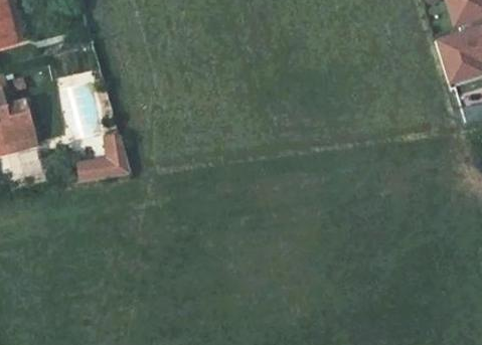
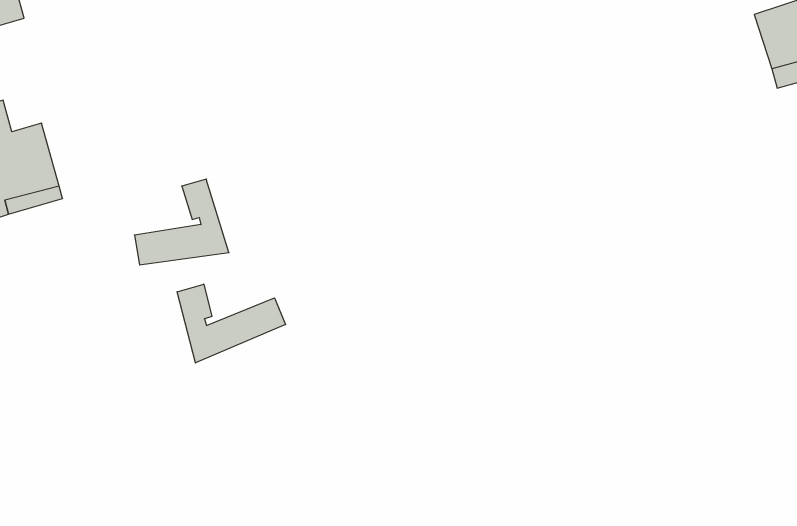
building: none -> [177,284,286,363]

